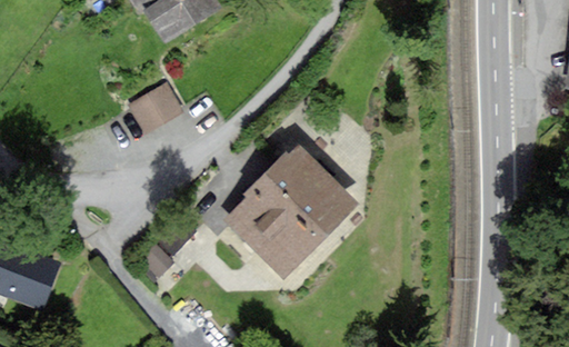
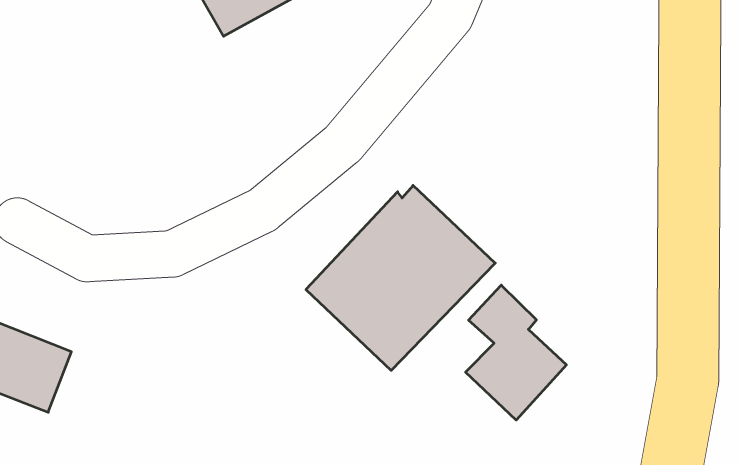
building: [129,85,178,130] -> none
building: none -> [466,285,566,420]

